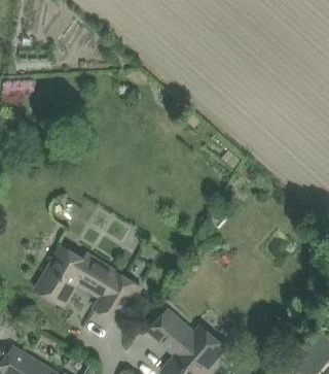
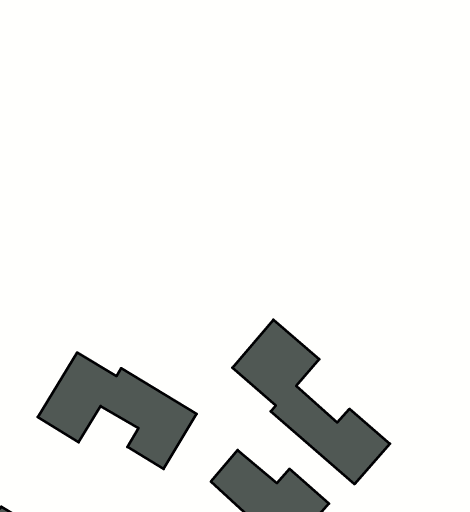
building: none -> [232,320,390,484]

